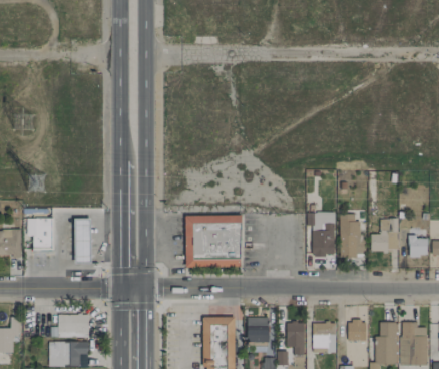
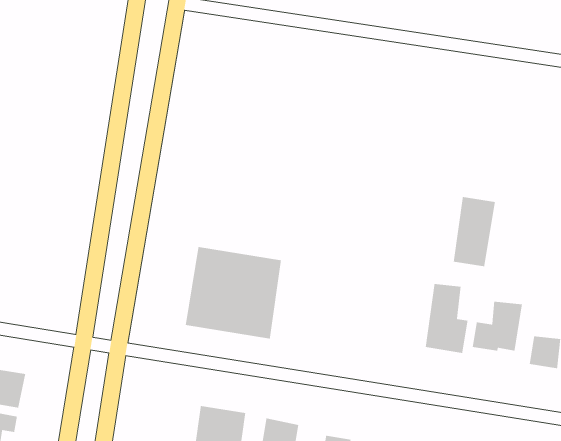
building: [313,212,335,255] -> [453,196,496,267]
building: [76,219,91,263] -> none

